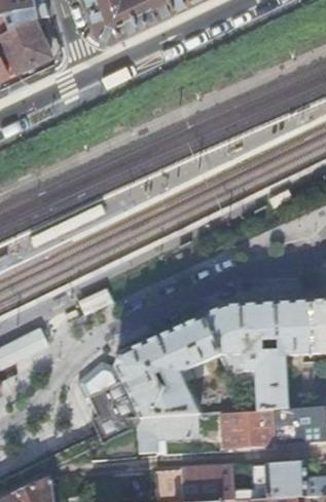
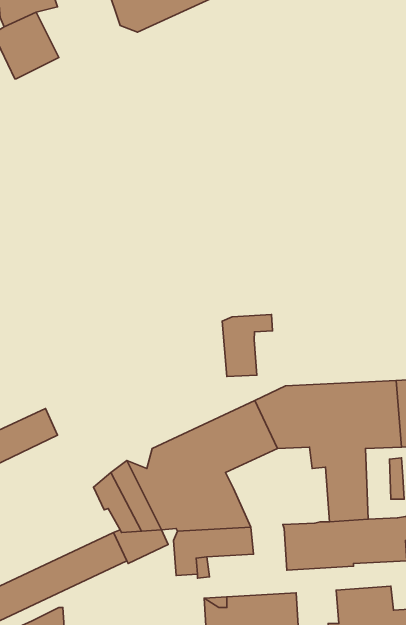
building: none -> [222,315,273,376]

